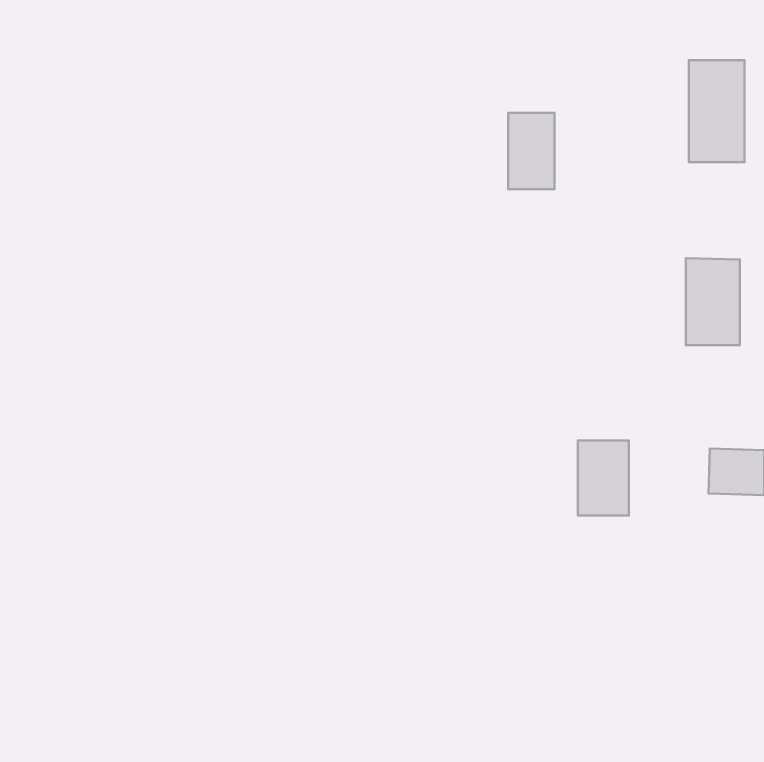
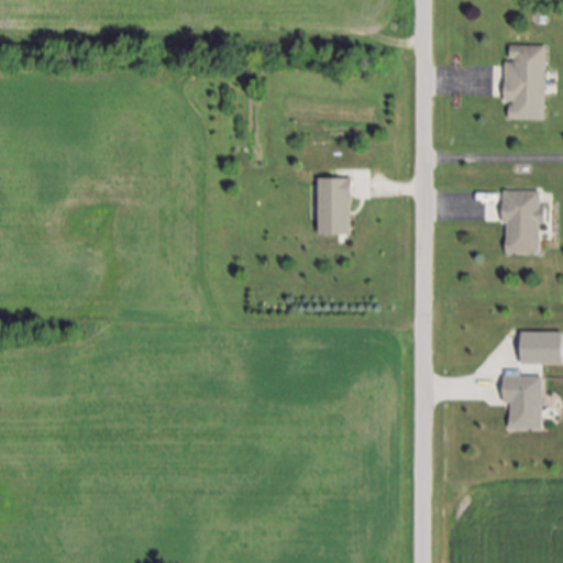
building: [508,113,555,189] -> [316,177,350,233]
building: [578,441,629,516] -> [504,375,541,430]

